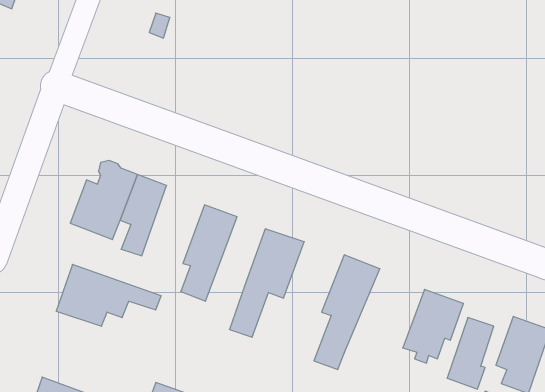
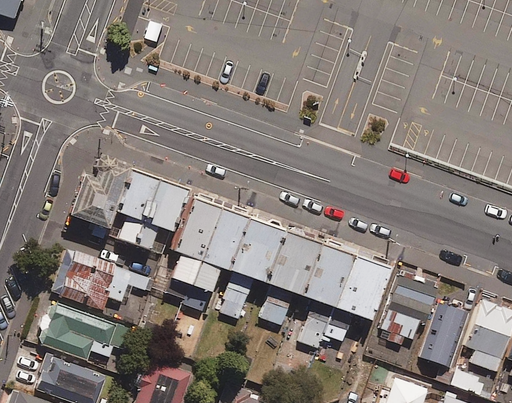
building: none -> [138,179,190,249]
building: none -> [197,208,252,292]
building: none -> [257,231,325,326]
building: none -> [325,256,394,341]
building: none -> [40,305,130,359]

